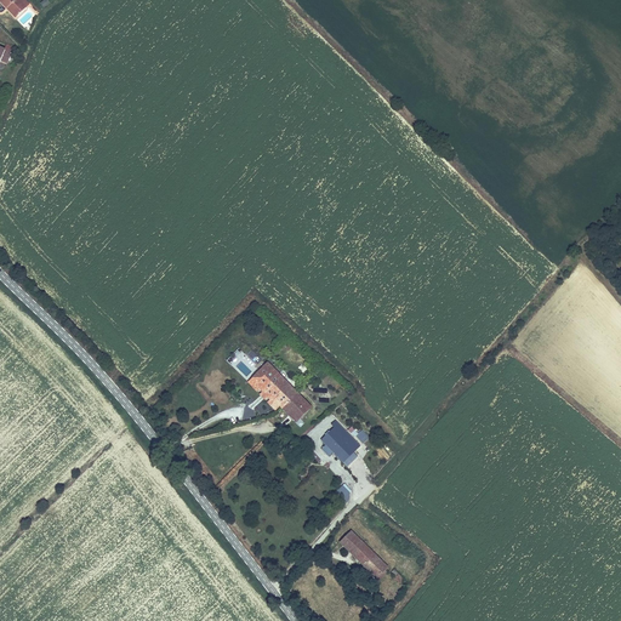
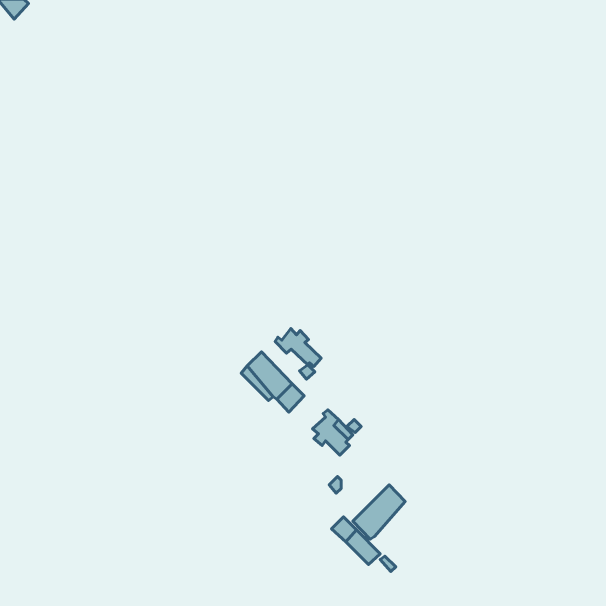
building: none -> [275,328,321,367]
building: none -> [353,485,405,539]

